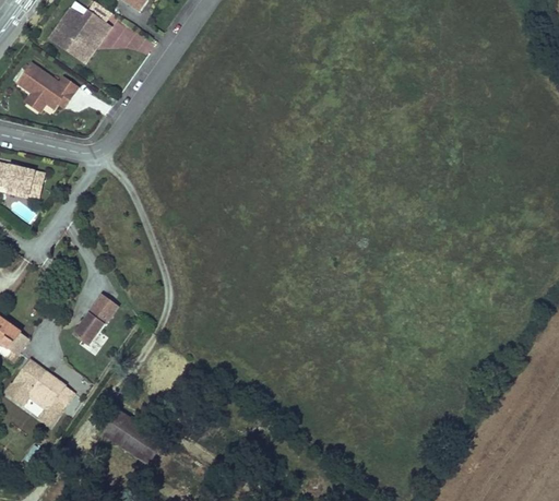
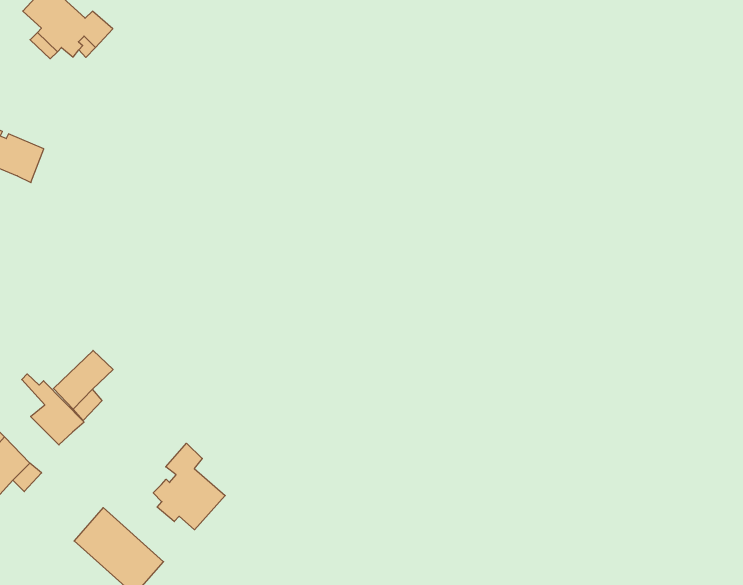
building: none -> [22,374,84,445]
building: none -> [153,443,225,530]

